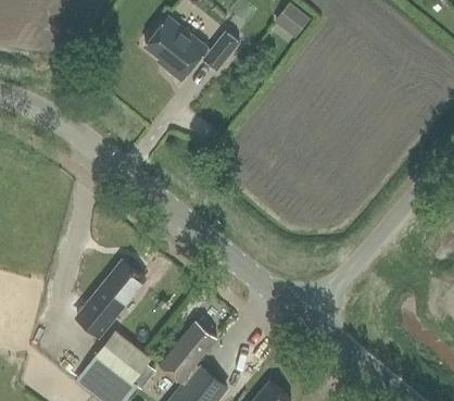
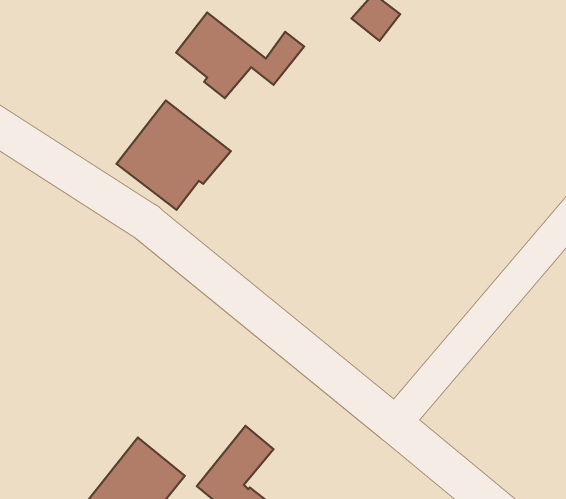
building: none -> [117,101,231,210]
building: [76,261,144,336] -> none

